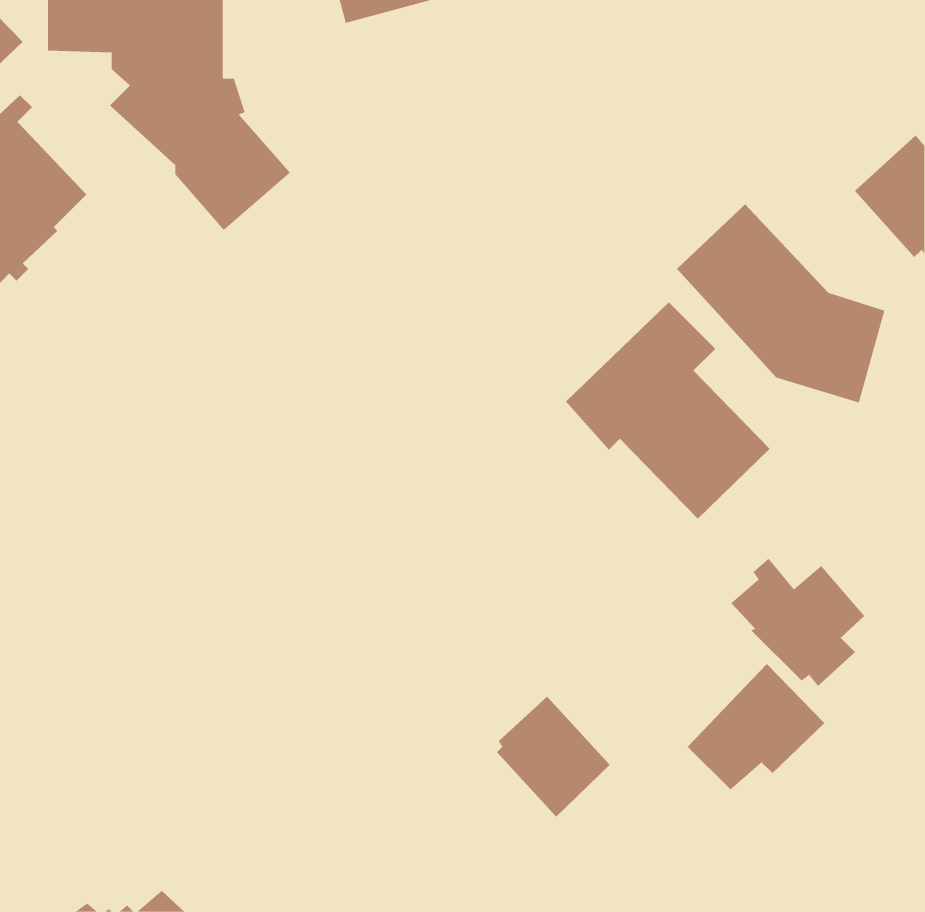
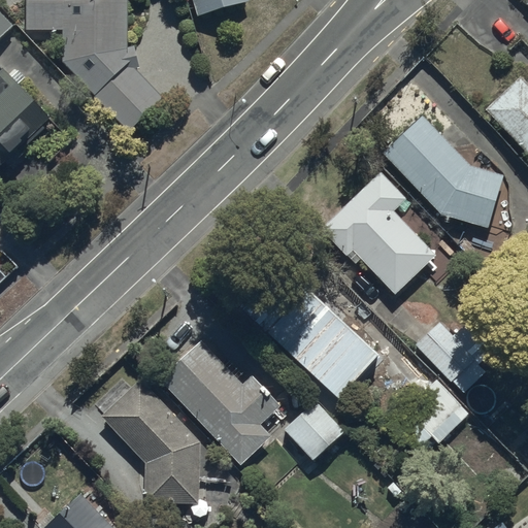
building: none -> [258,279,380,399]
building: none -> [157,337,279,464]
building: none -> [101,377,200,502]

